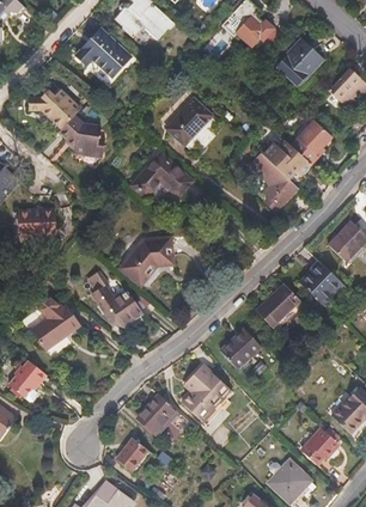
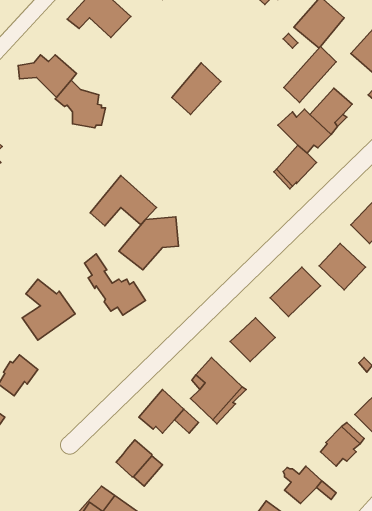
building: none -> [284,47,336,103]
building: [132,152,191,197] -> [90,176,157,226]
building: [17,209,54,234] -> none

